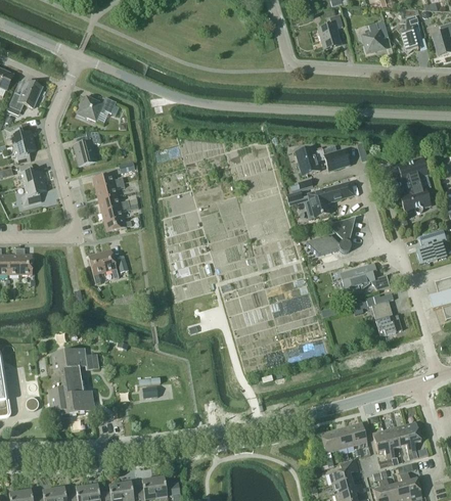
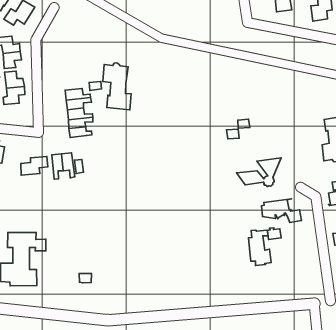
building: [77,95,119,120] -> none
building: [74,131,101,165] -> none
building: none -> [103,63,131,110]
building: [295,145,350,175] -> none
building: [307,181,354,217] -> none
building: none -> [21,156,48,175]
building: [371,292,402,335] -> [248,230,271,265]

